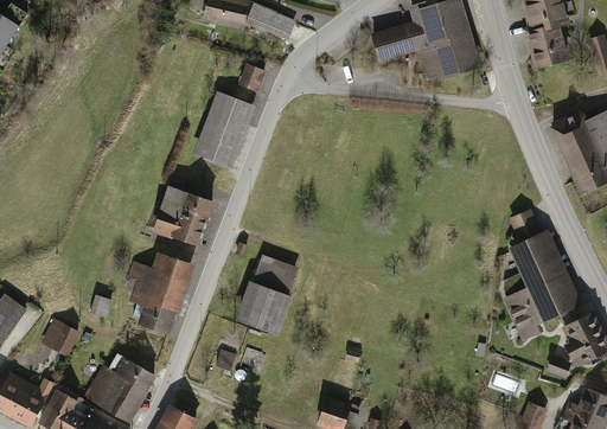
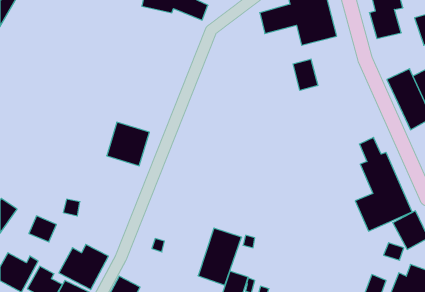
building: [237,62,266,92] -> none
building: [192,91,255,168] -> none
building: none -> [293,59,318,90]
building: [127,251,192,339] -> none
building: [238,252,300,333] -> [198,228,242,285]

